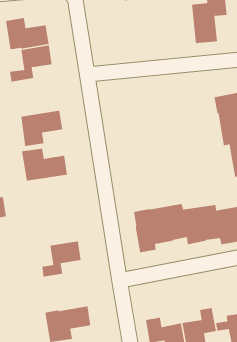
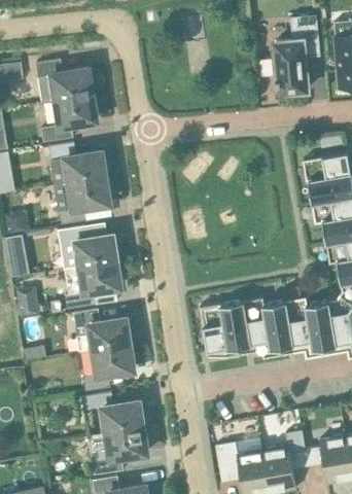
building: none -> [50,143,107,186]
building: none -> [64,261,121,310]
building: none -> [74,310,131,352]
building: none -> [81,393,143,434]

